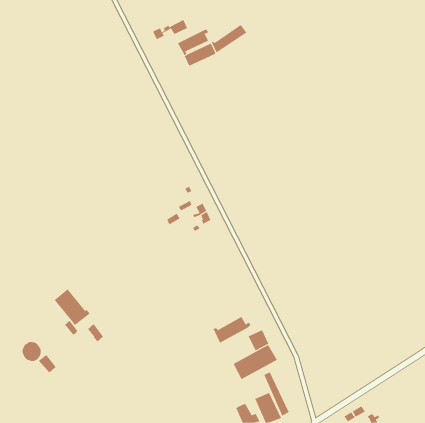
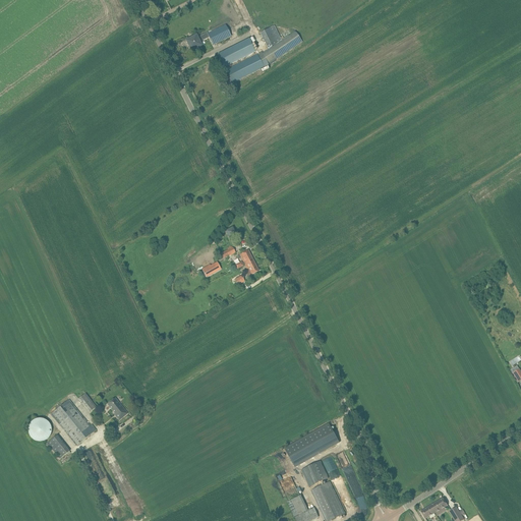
building: [54,289,90,326] -> [51,398,96,444]
building: [212,316,251,344] -> none
building: [248,330,269,351] -> [301,461,328,487]

